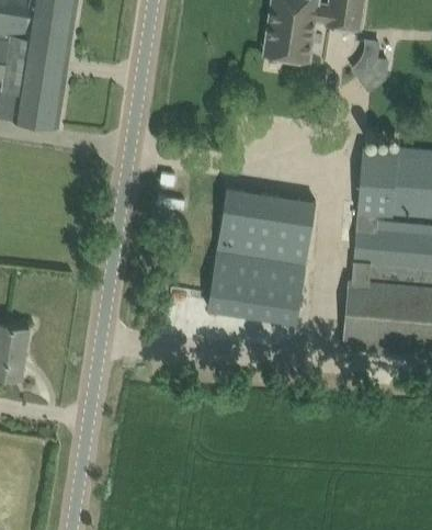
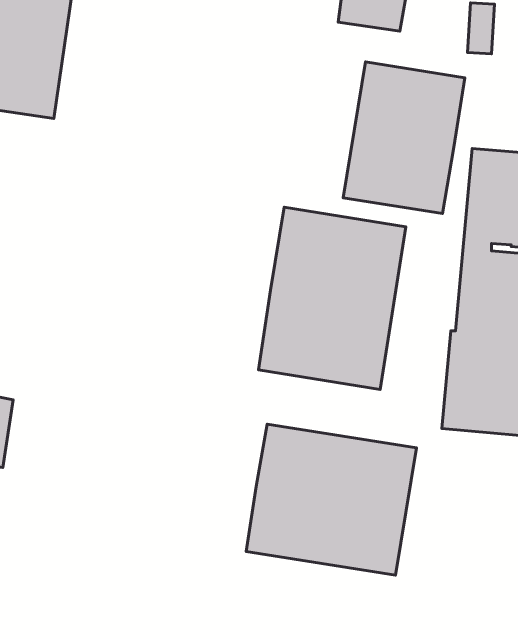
building: none -> [343,62,465,214]
building: none -> [246,424,416,575]

